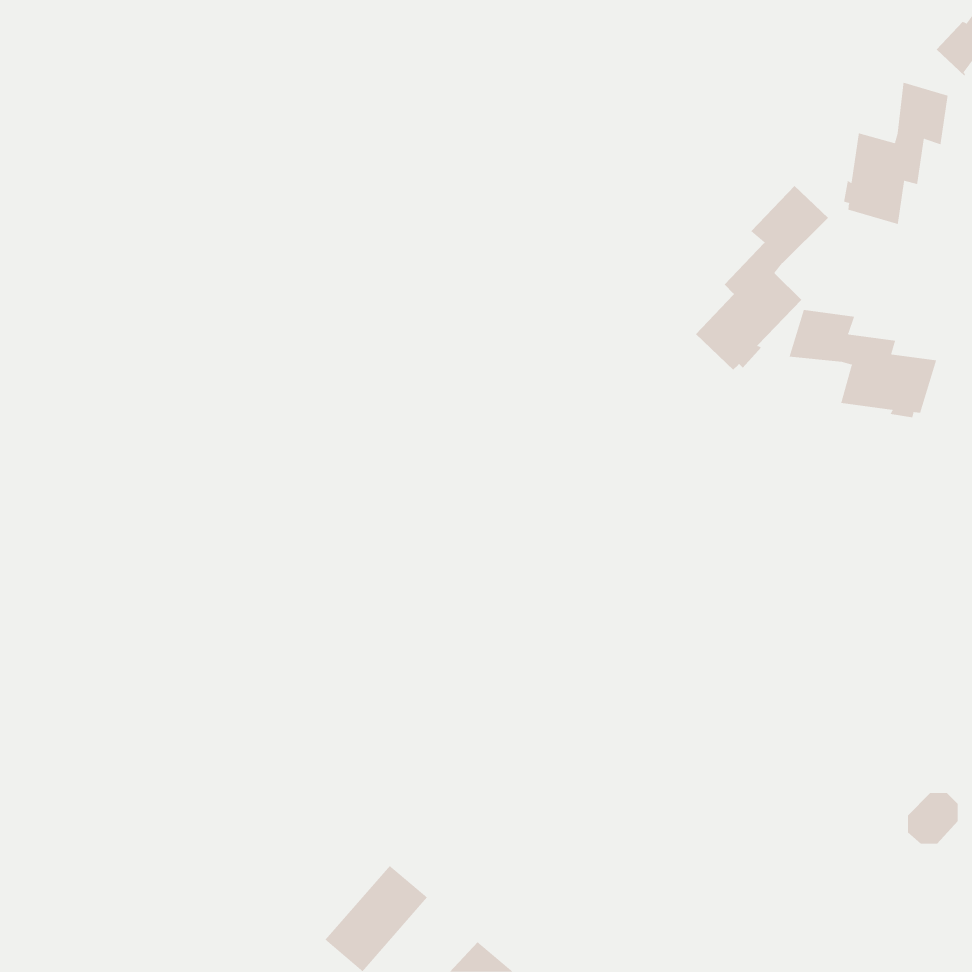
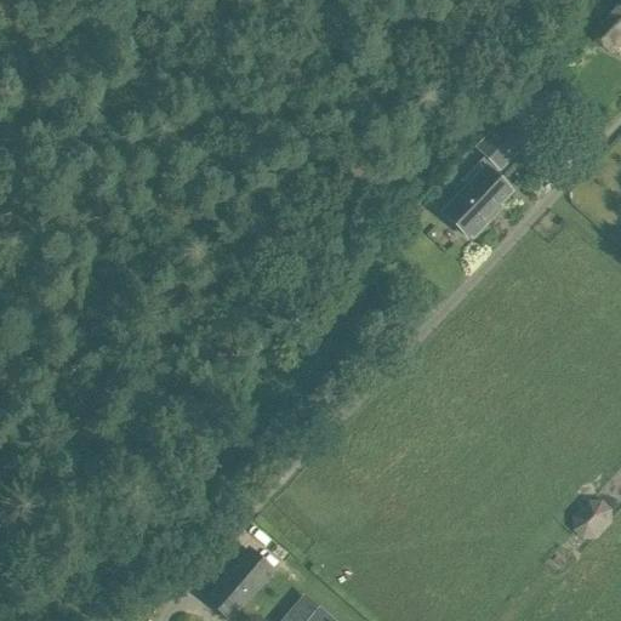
building: [843,82,948,225] -> none
building: [789,309,937,418] -> none

